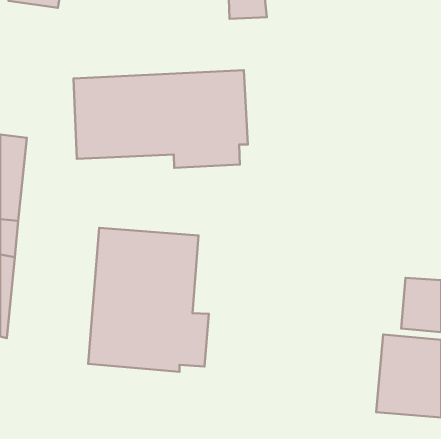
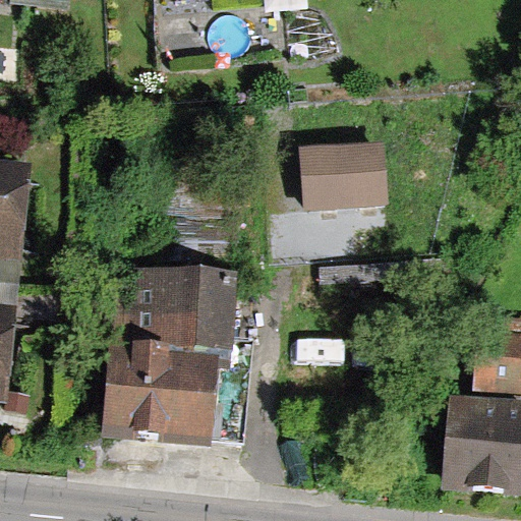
building: [73,70,248,168] -> none
building: none -> [303,139,390,208]

